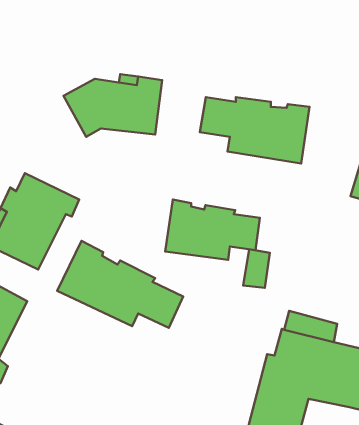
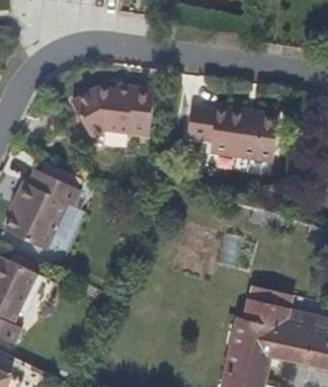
building: [165,200,260,260] -> none
building: [57,241,183,328] -> none

